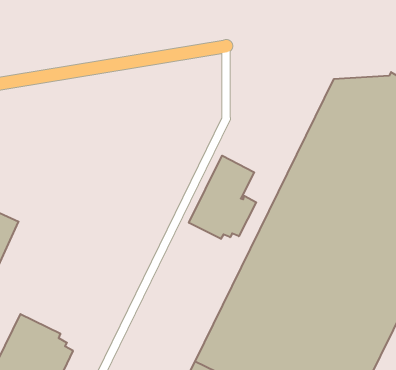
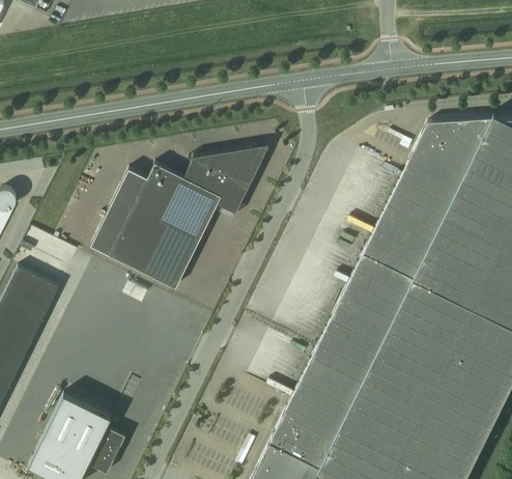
building: none -> [91,147,262,288]
building: [189,156,256,239] -> none

